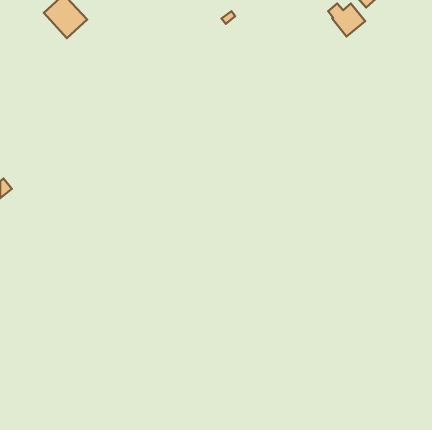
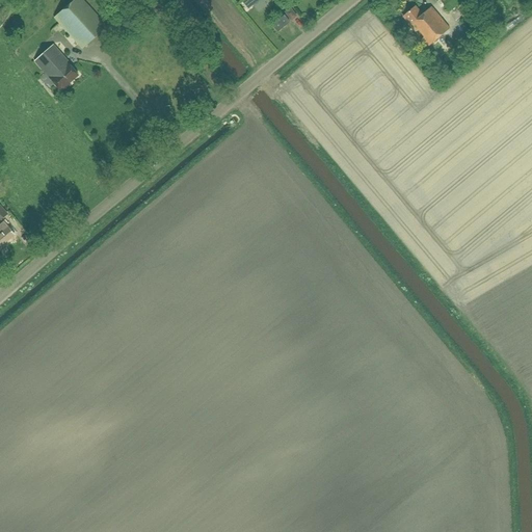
building: none -> [35,43,79,87]

